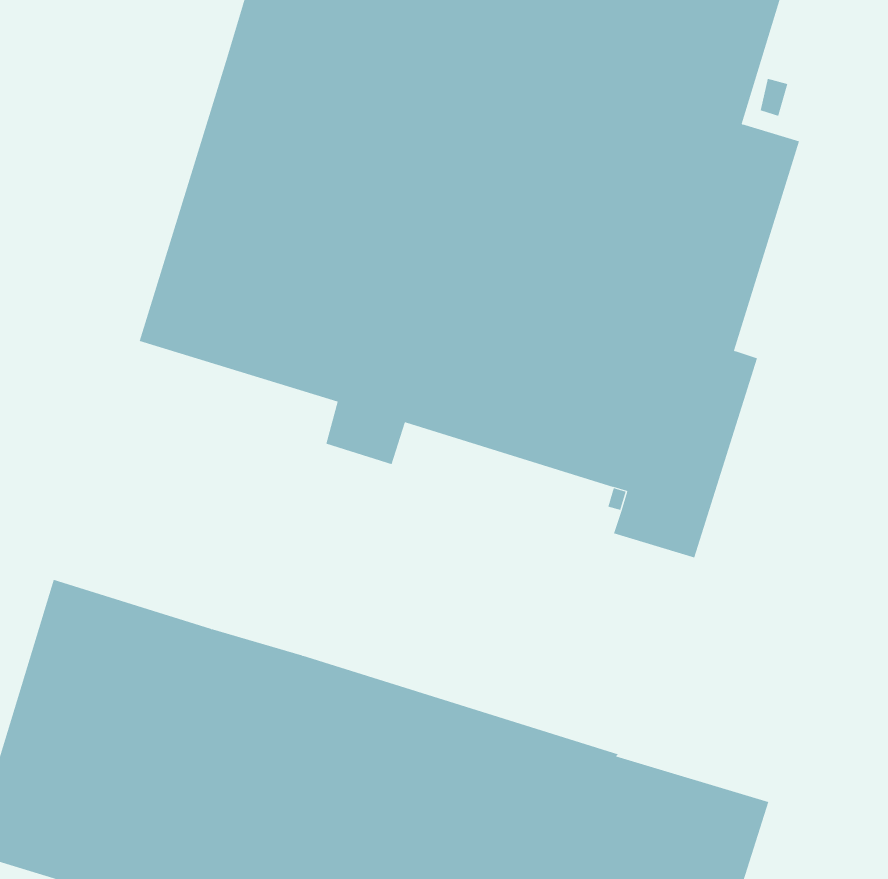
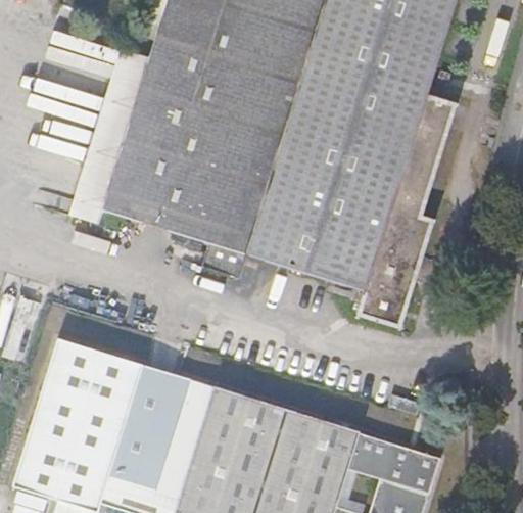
building: none -> [68,50,149,226]

